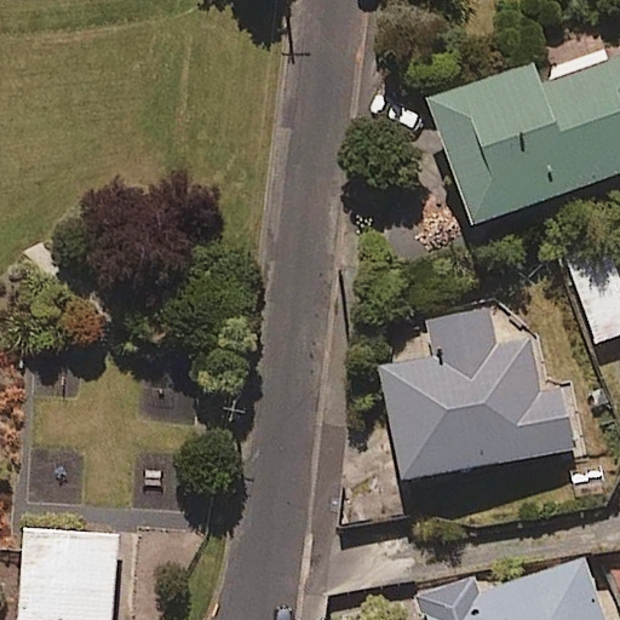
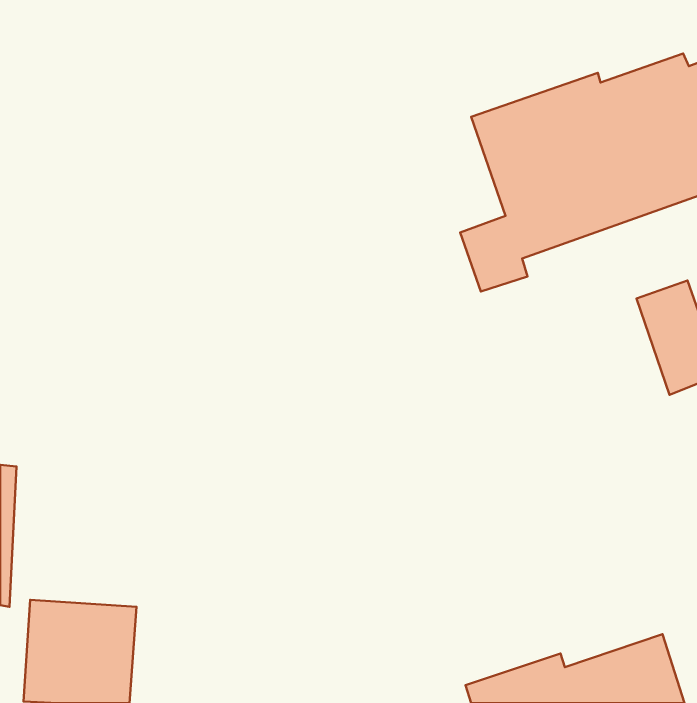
building: [375,304,575,483] -> none

